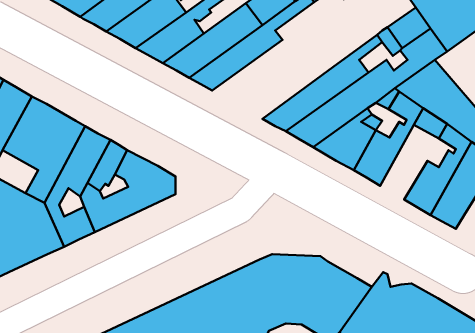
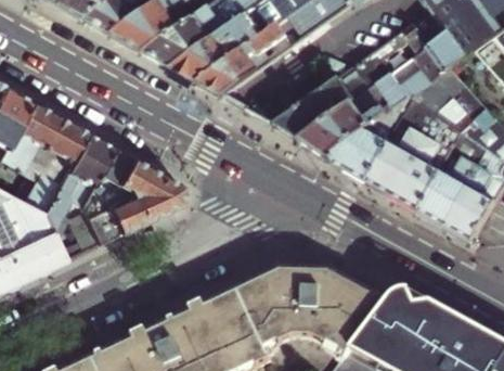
building: none -> [393,136,449,208]

